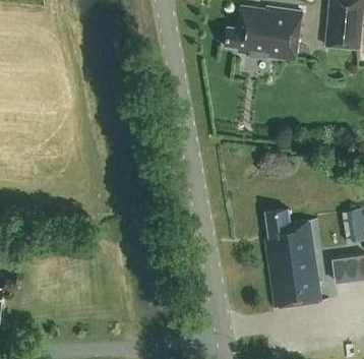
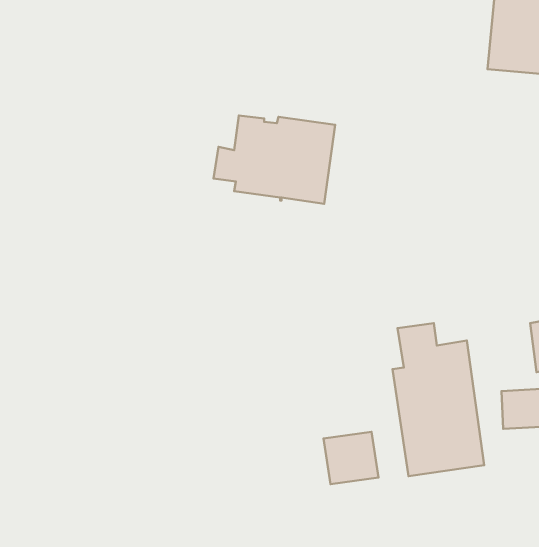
building: [224,6,302,63] -> [214,115,335,204]
building: none -> [324,432,378,484]

